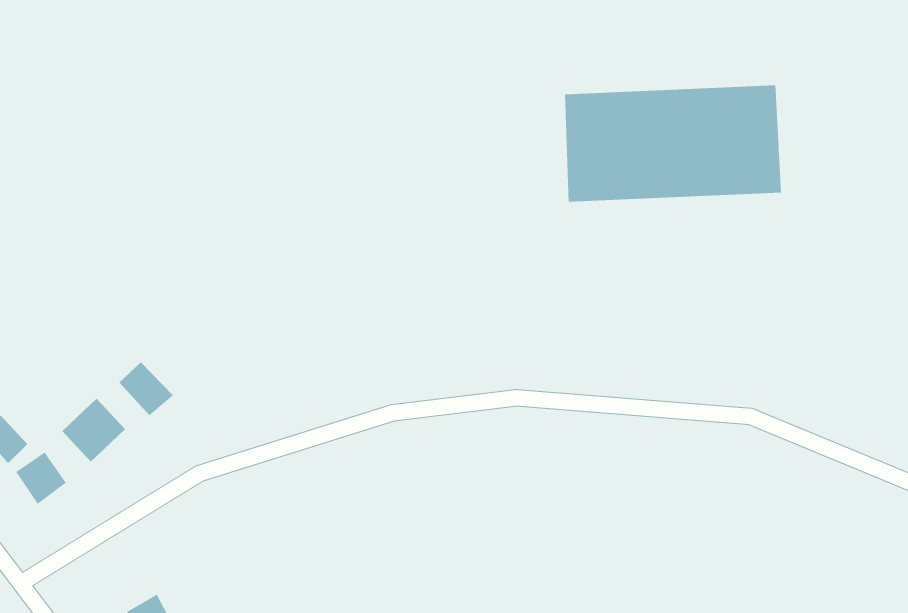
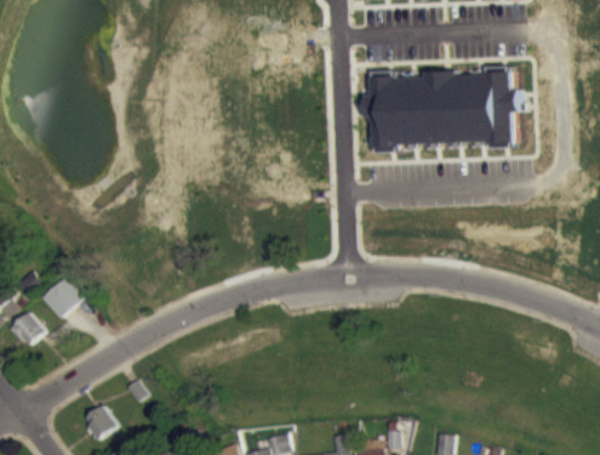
building: [118,361,174,416] -> none

